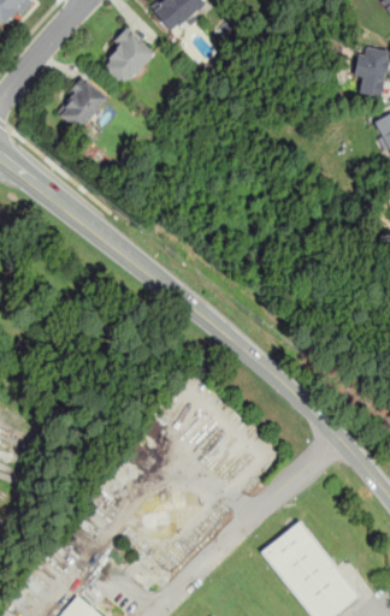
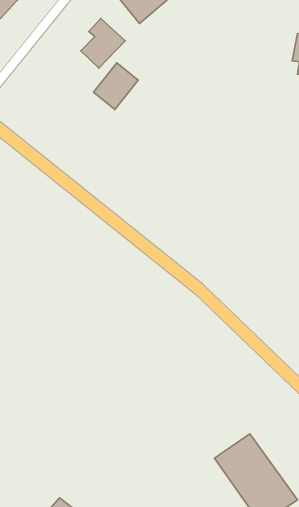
building: [55,76,108,131] -> [94,63,138,109]

